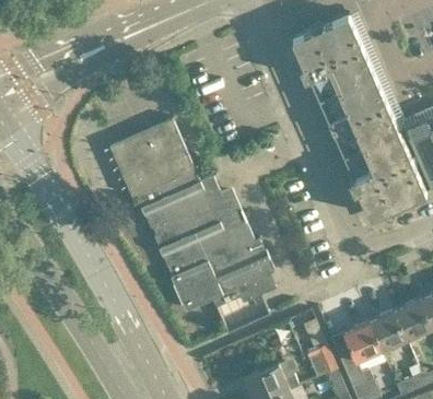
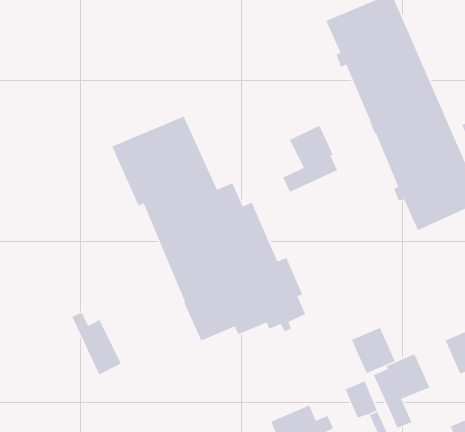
building: none -> [282,125,338,193]
building: none -> [71,312,122,376]
building: [368,310,407,351] -> [351,327,396,374]

